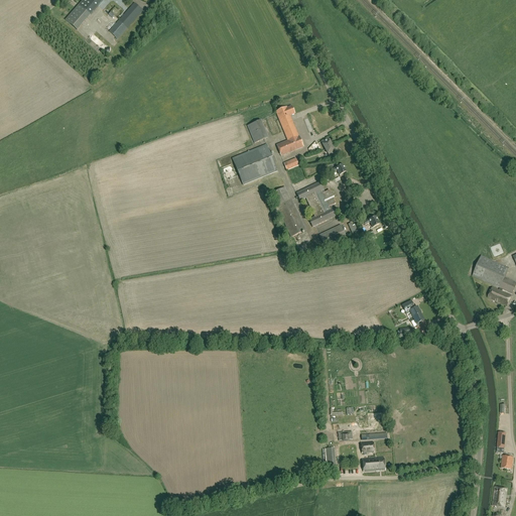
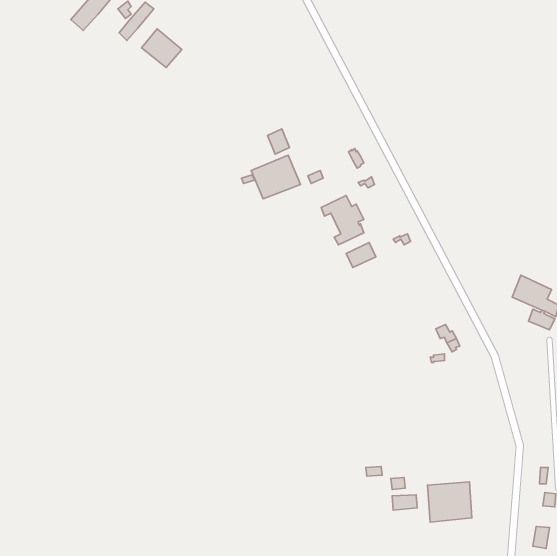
building: none -> [141,29,182,68]
building: [277,105,304,154] -> none
building: [271,186,307,236] -> none
building: none -> [427,482,472,522]

